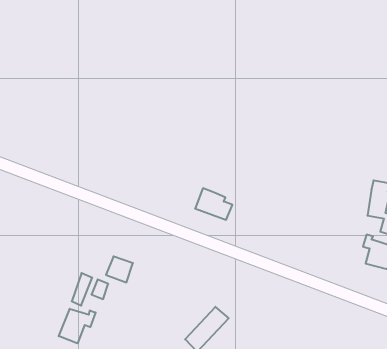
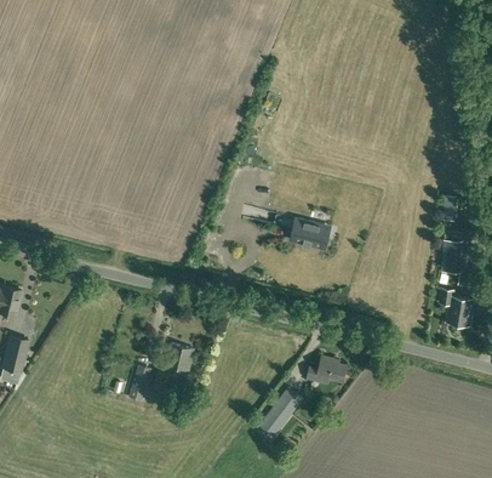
building: [195,188,232,220] -> [290,217,330,249]
building: none -> [308,355,347,383]
building: [59,309,96,343] -> none

